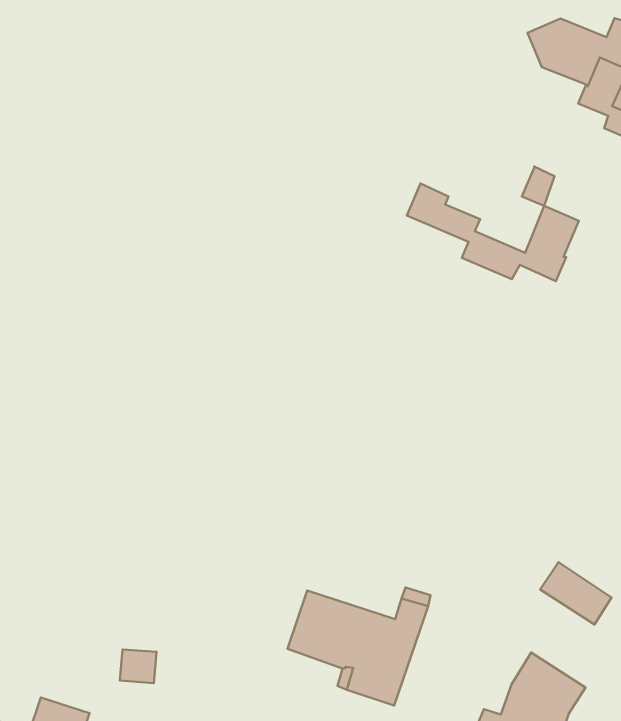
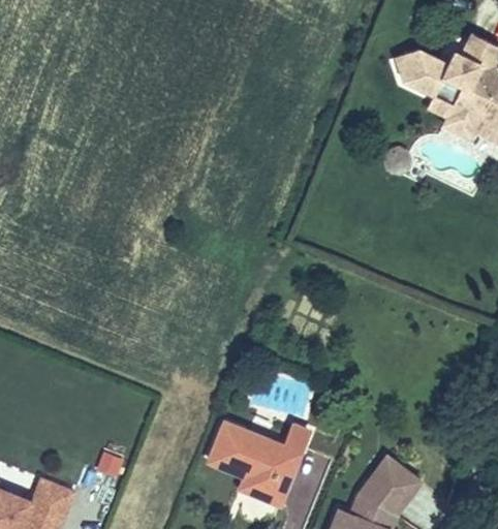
building: [407,183,579,281] -> none
building: [540,562,611,625] -> [373,455,421,498]

